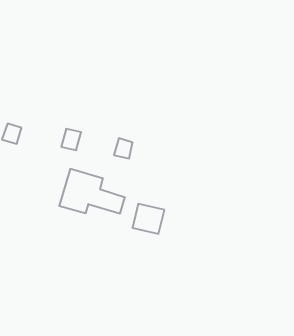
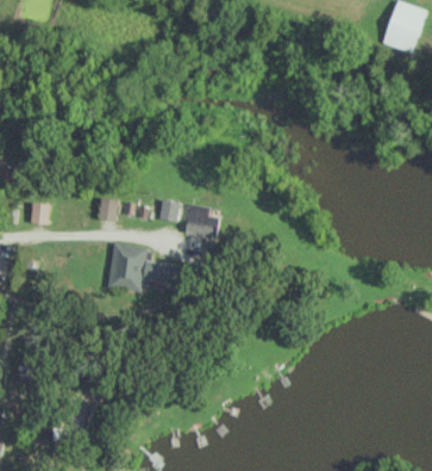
building: [132,204,164,234] -> [186,205,219,236]

